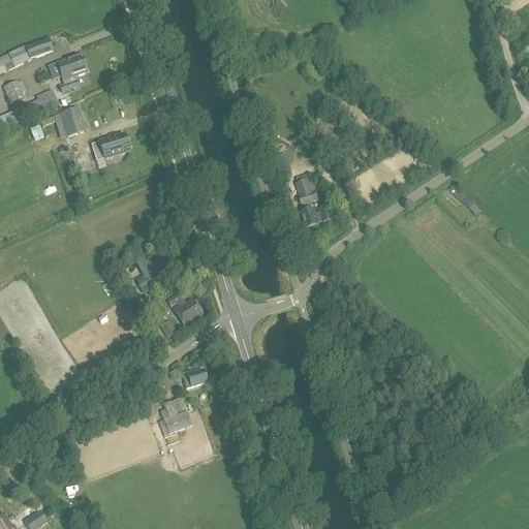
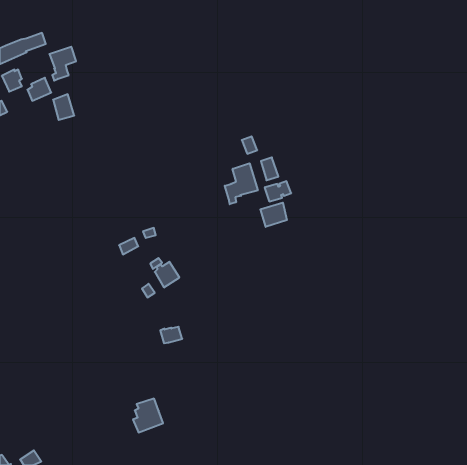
building: [90,132,128,159] -> none
building: none -> [225,163,258,204]
building: none -> [260,203,287,227]
building: [157,397,191,435] -> [133,399,163,432]

